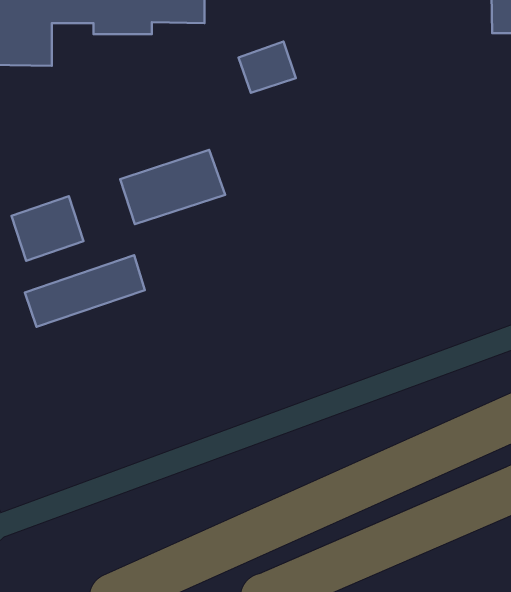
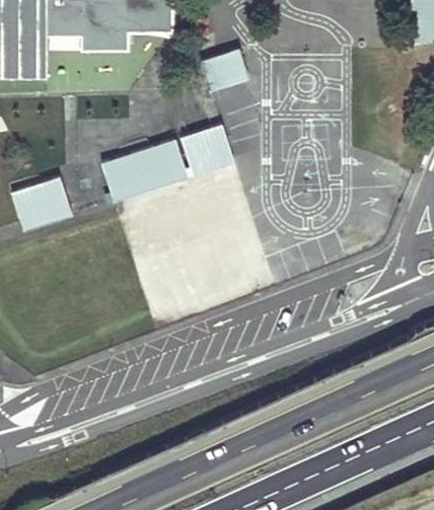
building: none -> [182,124,234,175]
building: [25,255,145,327] -> none

